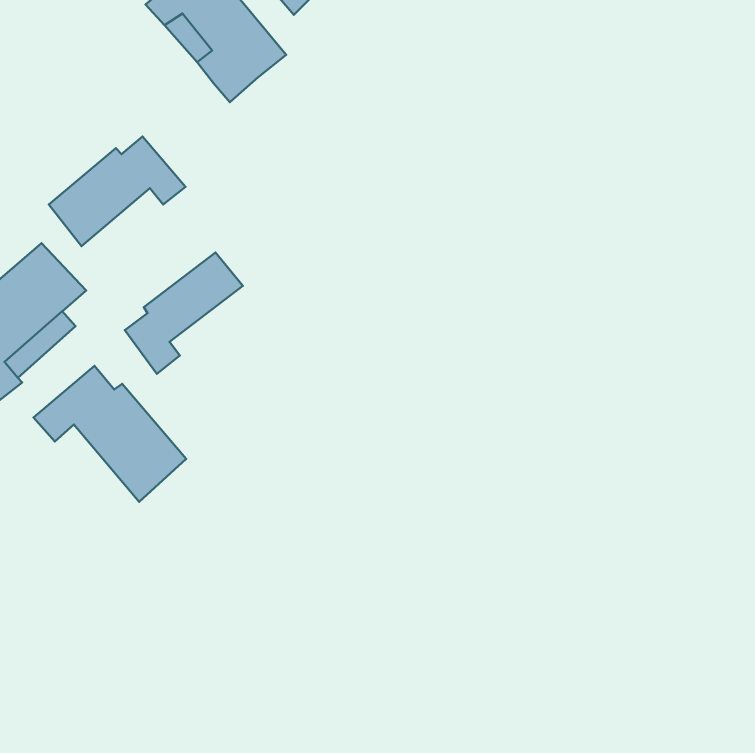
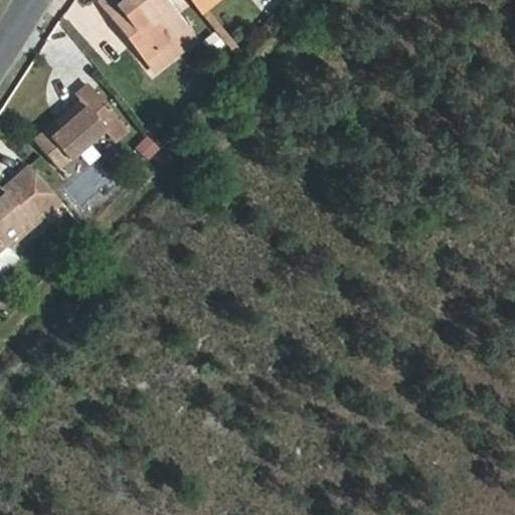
building: [125,252,243,374] -> none
building: [33,366,186,502] -> none

